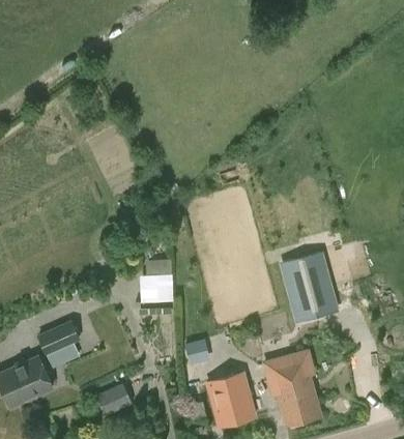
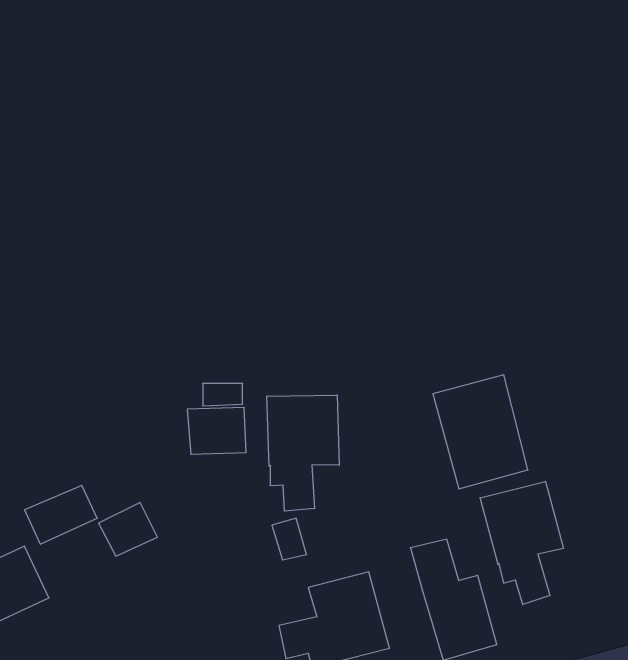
building: none -> [267,395,339,511]
building: none -> [480,481,563,605]
building: [97,383,133,415] -> [99,502,157,556]

